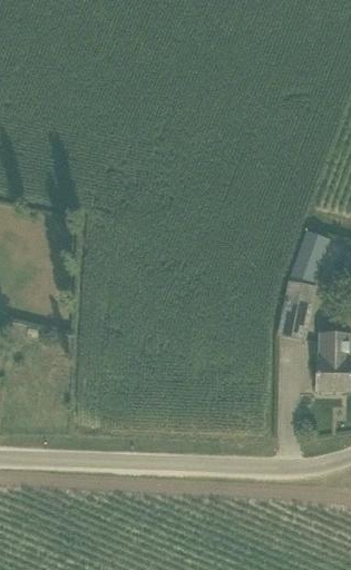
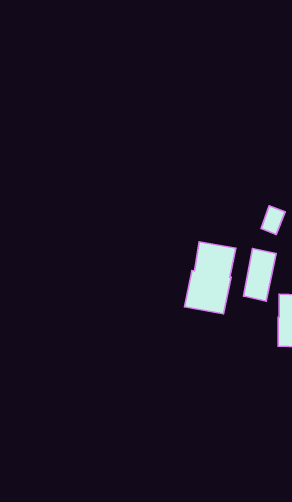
building: none -> [184,242,236,314]

